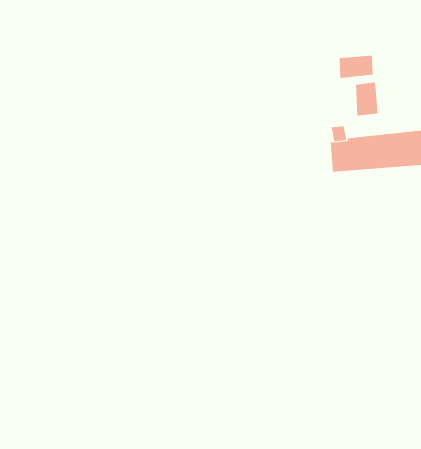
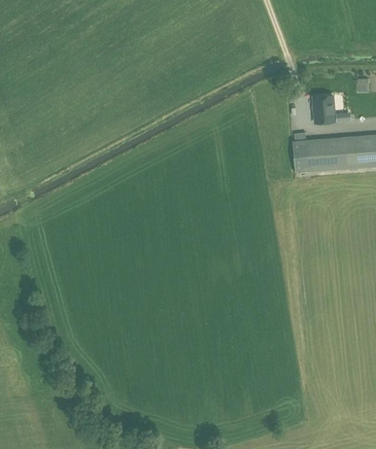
building: [339,55,373,79] -> none

